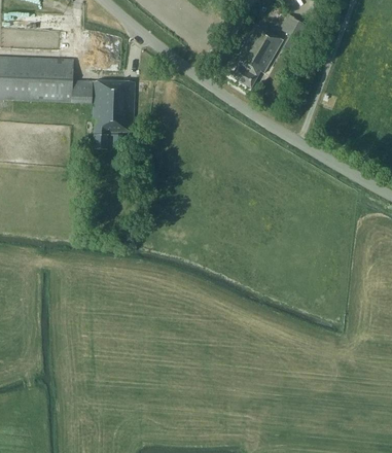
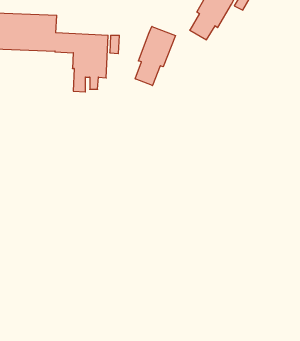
building: none -> [135,26,175,86]

